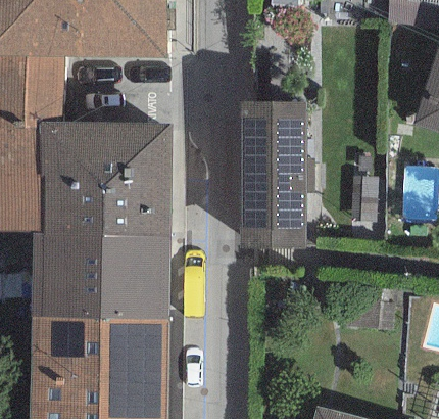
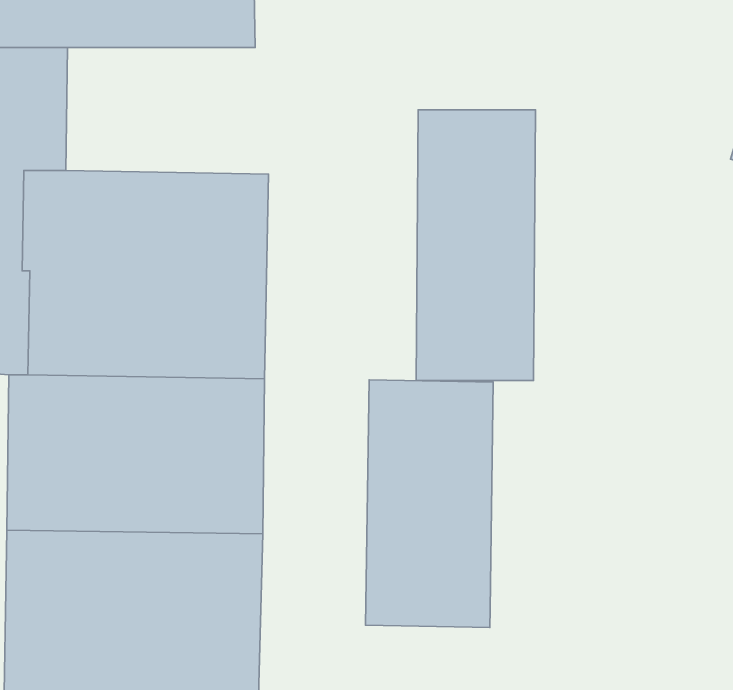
building: none -> [366,380,493,627]

